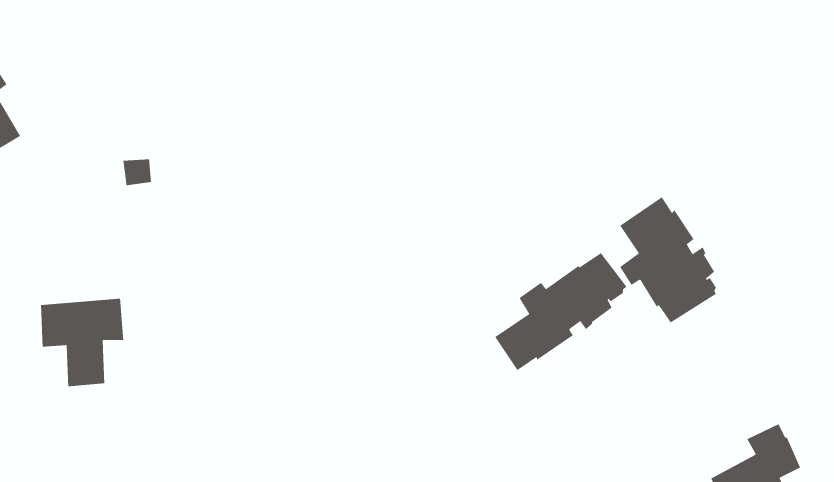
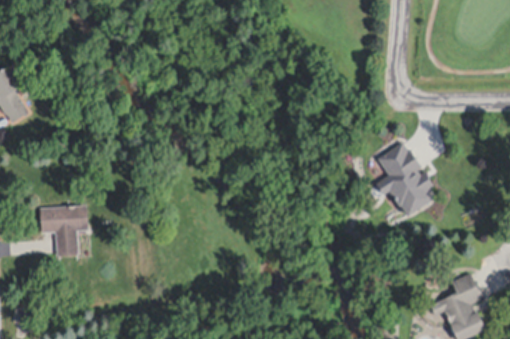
building: [494,252,628,371] -> none

